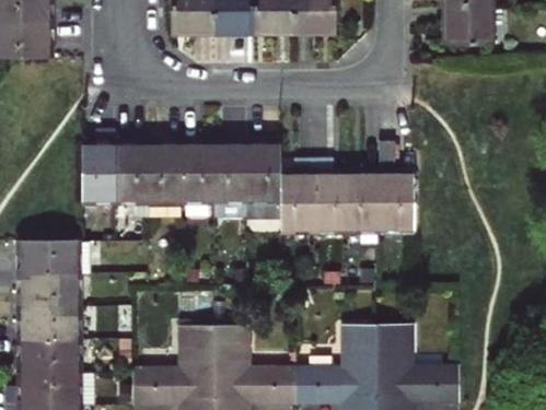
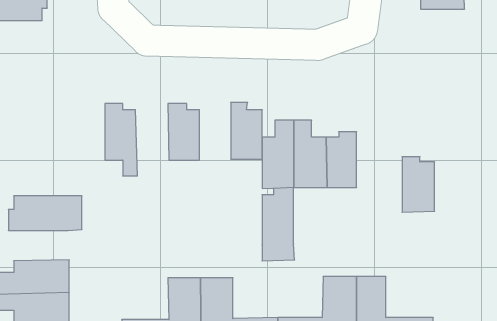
building: [83,132,116,202] -> none
building: [214,142,248,219] -> [262,187,295,261]
building: [148,143,183,219] -> none
building: [379,173,413,231] -> [402,157,435,212]
building: [15,276,79,307] -> none

